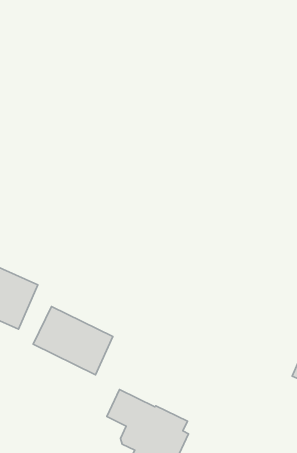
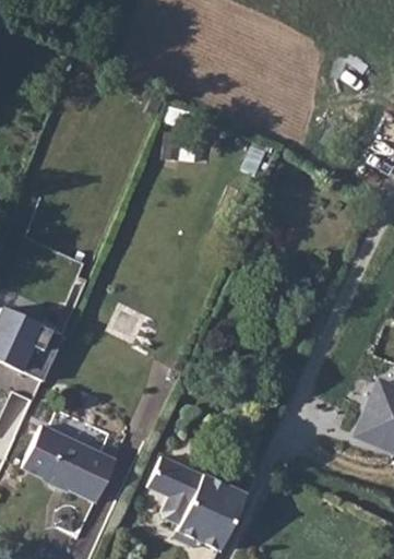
building: [33,307,113,375] -> [29,427,120,504]

